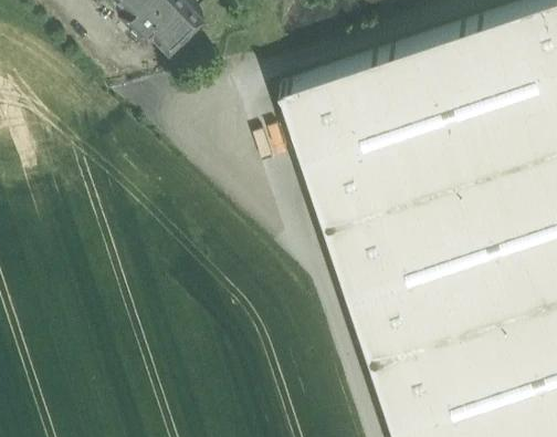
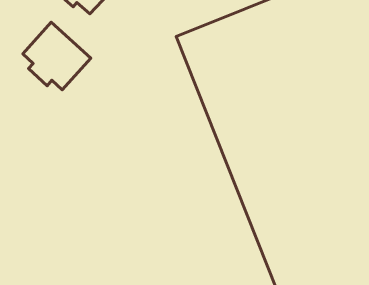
building: none -> [23,22,91,90]

